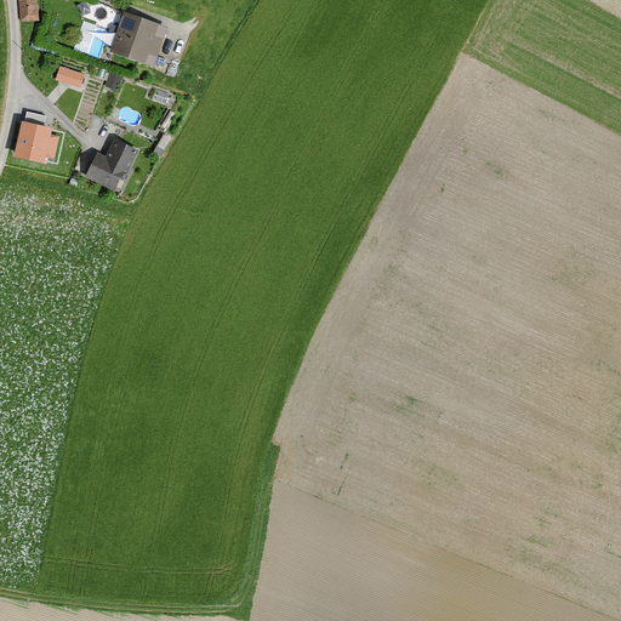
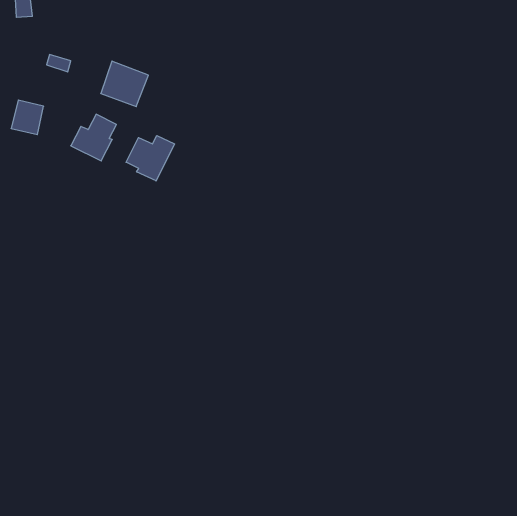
building: [110,11,167,65] -> [101,61,148,107]
building: none -> [126,136,175,181]

